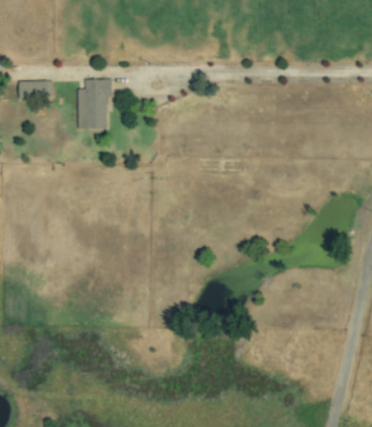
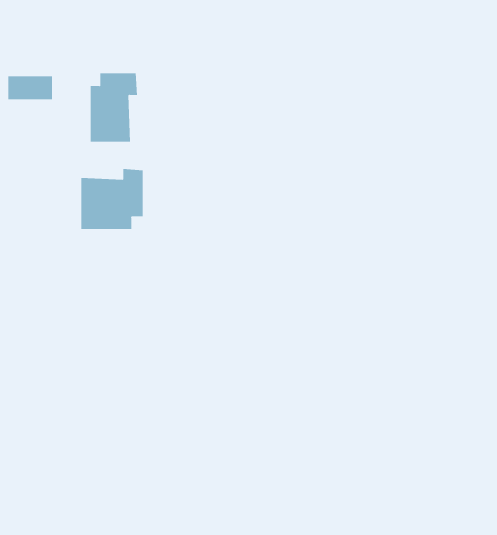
building: none -> [81,168,143,230]

